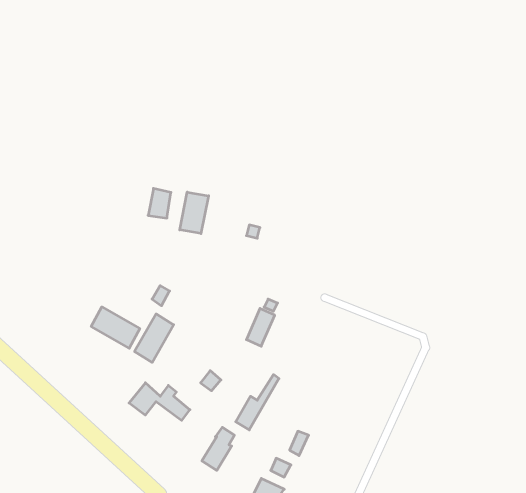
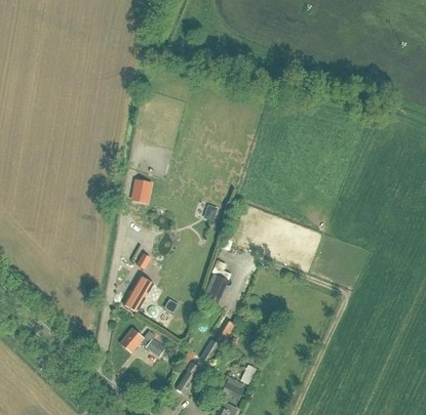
building: [180,192,209,234] -> none
building: [91,307,140,348] -> none

